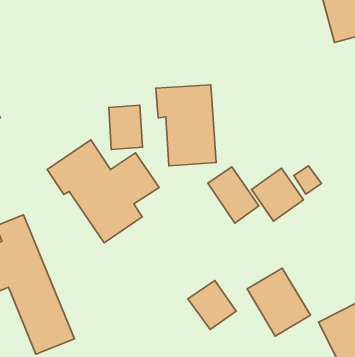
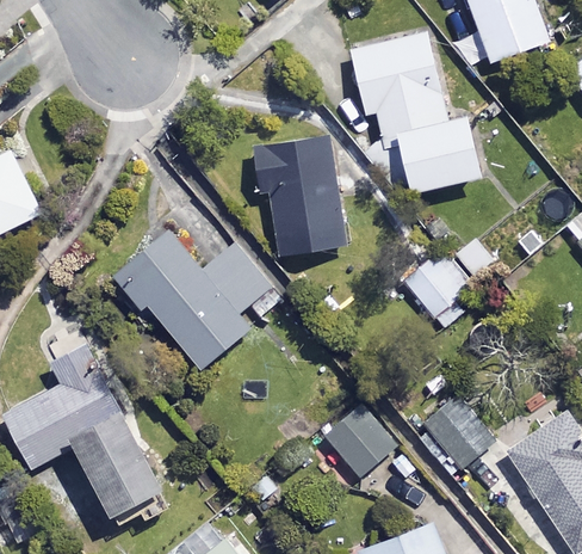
building: none -> [351,32,483,193]
building: [109,105,142,149] -> none
building: [208,167,259,223] -> none

